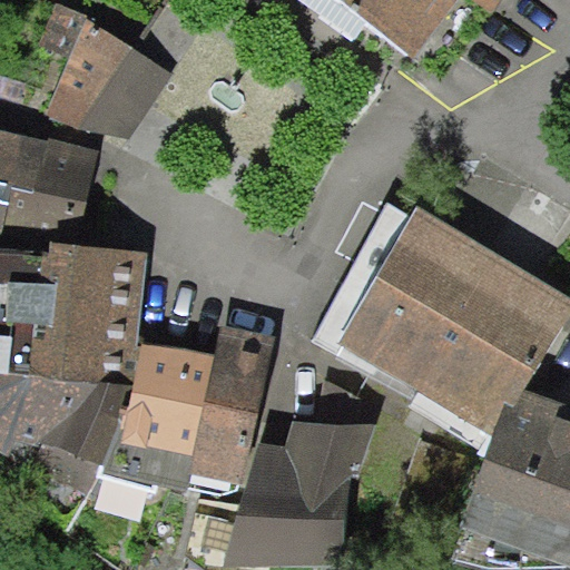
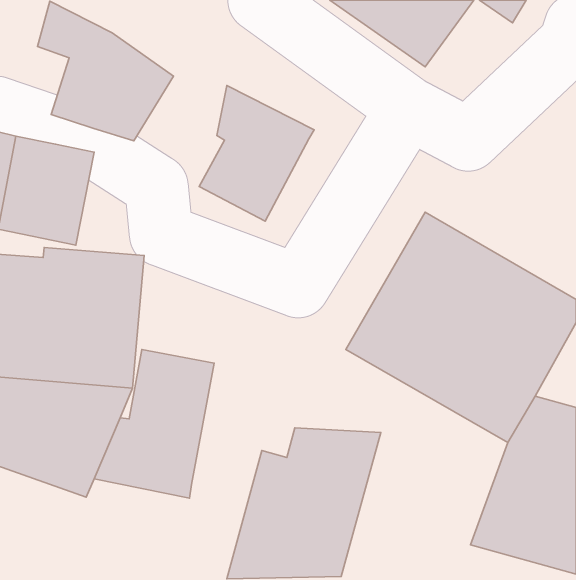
building: none -> [199,86,314,221]
building: [188,325,269,485] -> none

